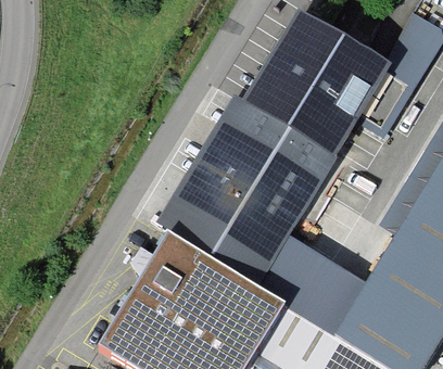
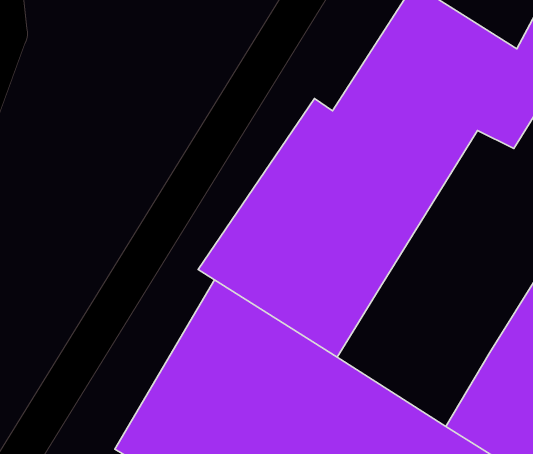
building: [257,233,367,334] -> none

